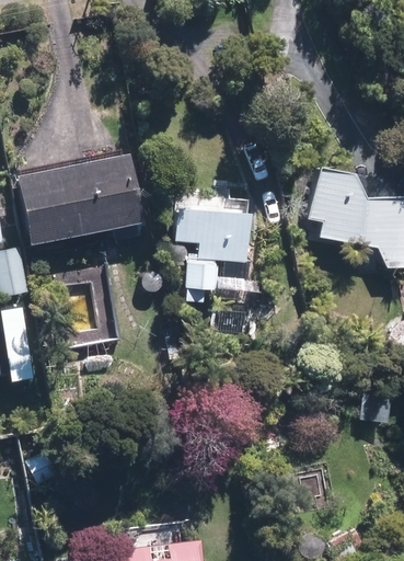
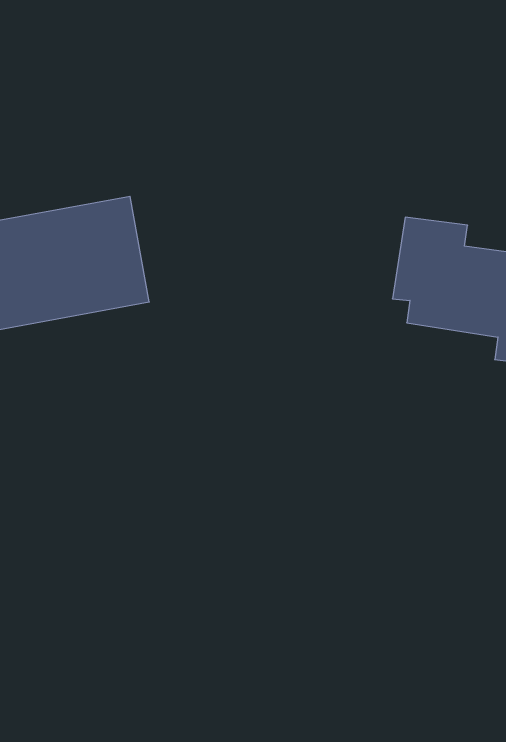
building: [171,188,250,304] -> none

